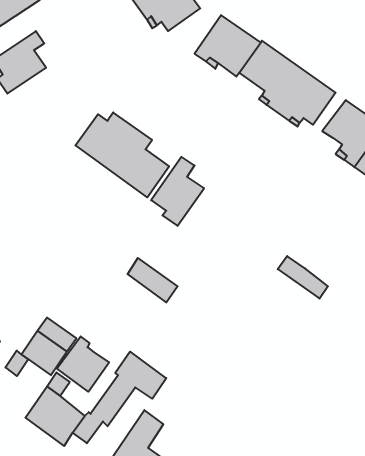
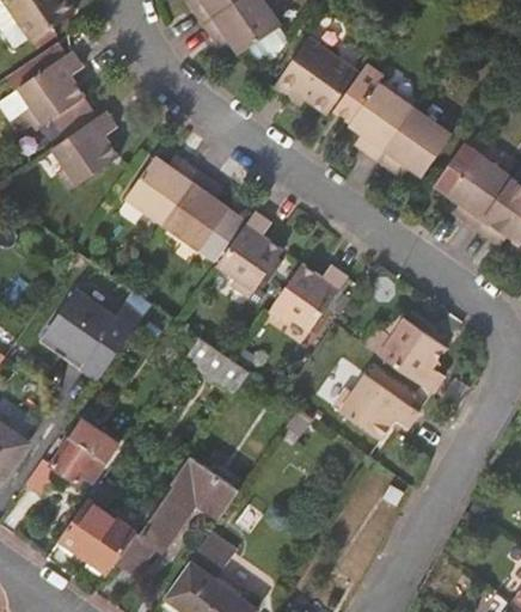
building: none -> [54,112,119,190]
building: none -> [269,264,349,331]
building: none -> [45,292,143,382]
building: none -> [386,313,446,366]
building: none -> [332,375,417,441]
building: [57,336,109,392] -> none

